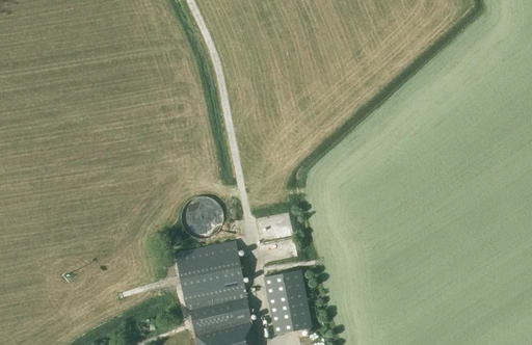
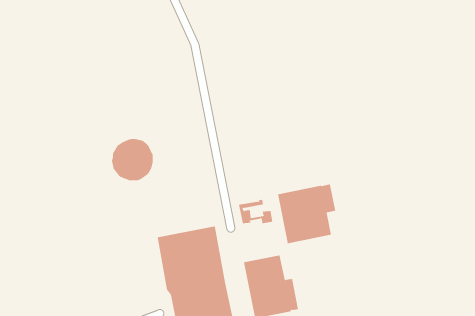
building: [180,195,222,238] -> [111,139,153,181]
building: none -> [277,184,336,244]

